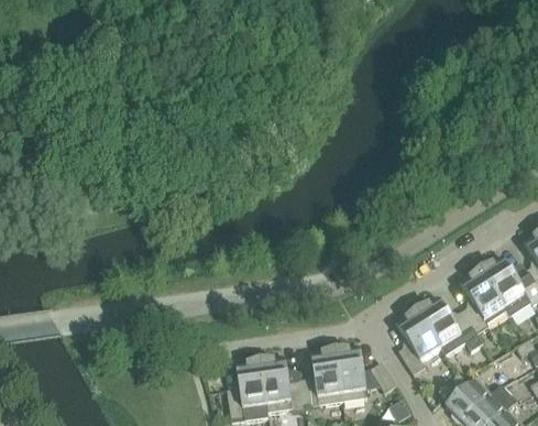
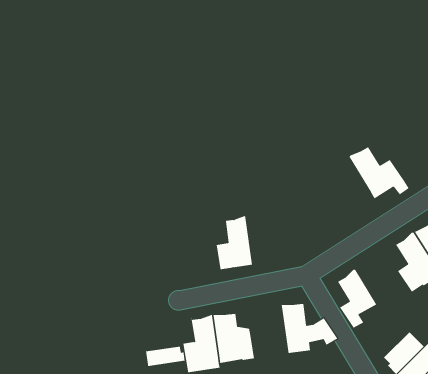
building: [415,293,482,353] -> [348,144,409,199]
building: [300,346,341,405] -> [216,216,253,270]
building: none -> [145,346,185,367]

